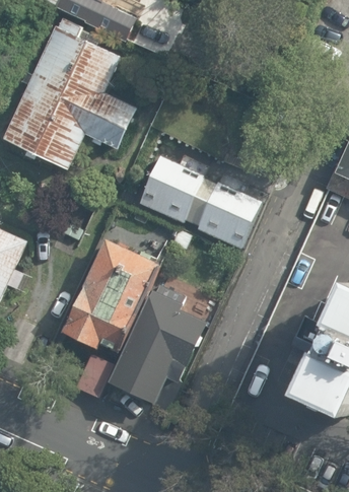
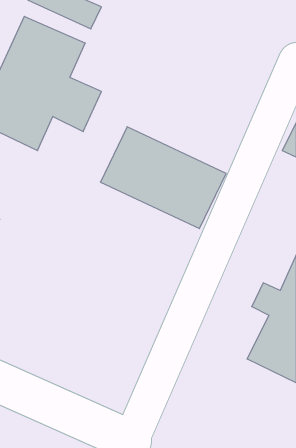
building: [59,239,158,348] -> none
building: [110,286,211,416] -> none

